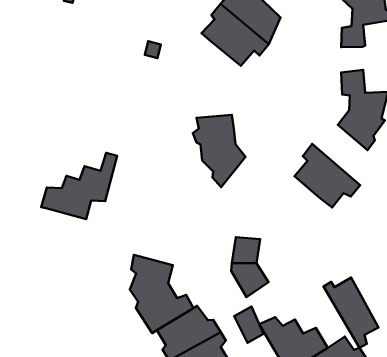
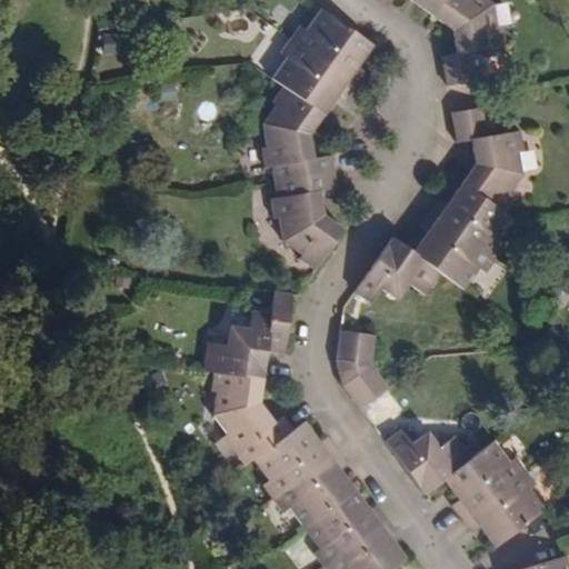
building: none -> [260,88,336,197]
building: none -> [425,177,506,250]
building: [41,153,117,219] -> [207,291,296,378]
building: none -> [358,239,441,302]
building: [323,277,379,348] -> none
building: [234,306,264,343] -> none

